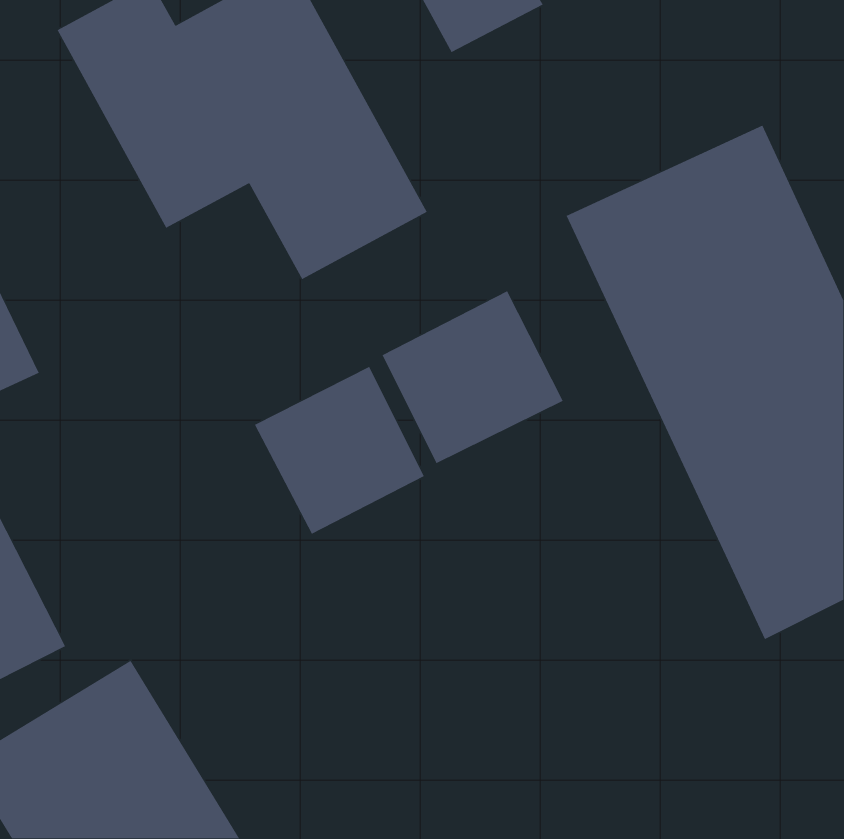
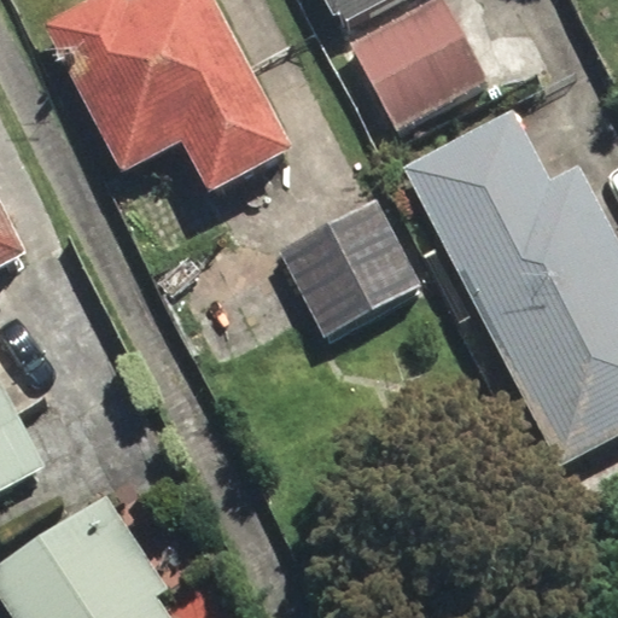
building: none -> [344,6,485,144]
building: [254,366,425,535] -> none

